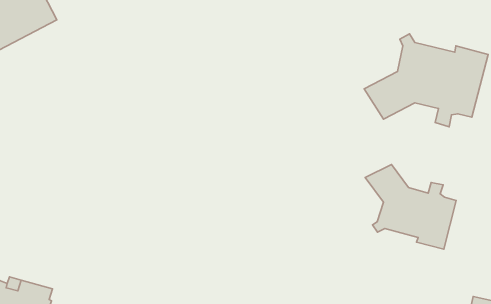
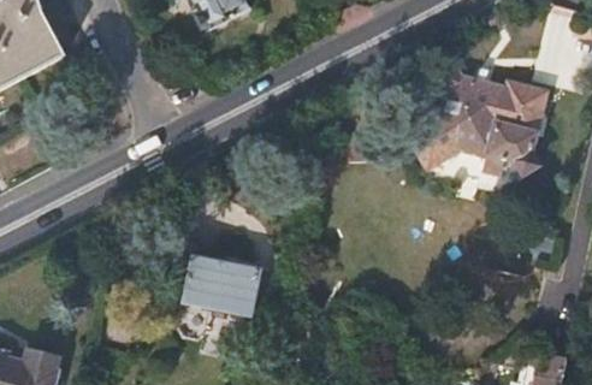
building: [365,164,456,249] -> none
building: none -> [180,256,261,339]

